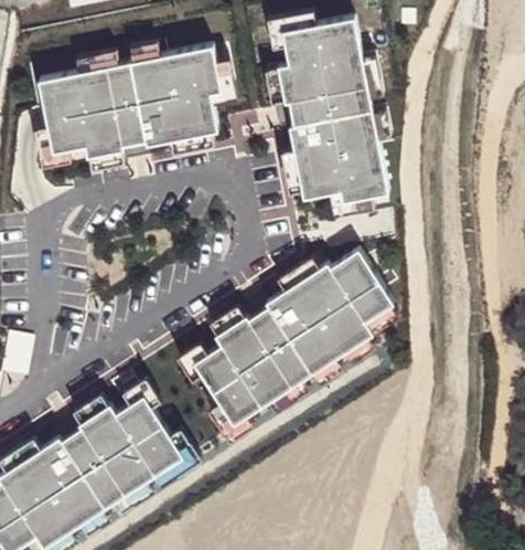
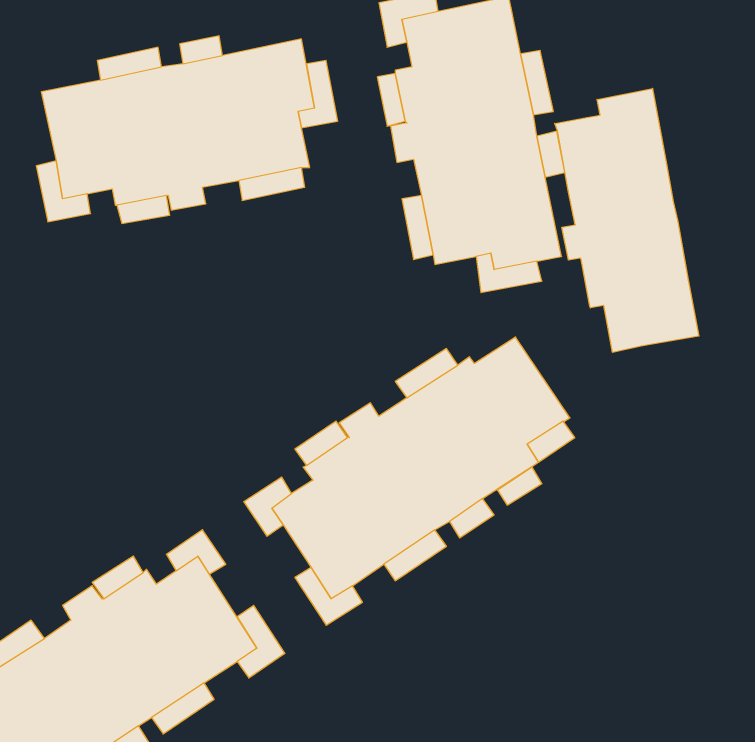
building: none -> [555,88,699,352]

